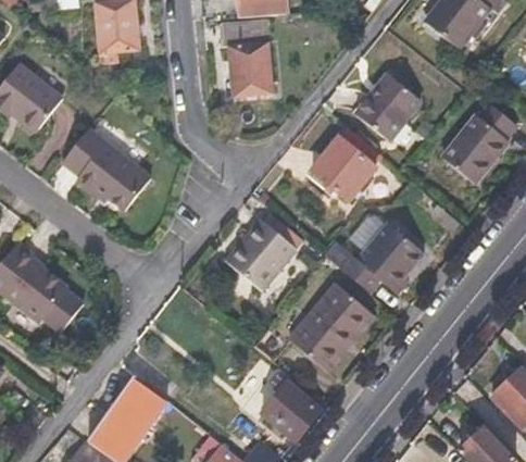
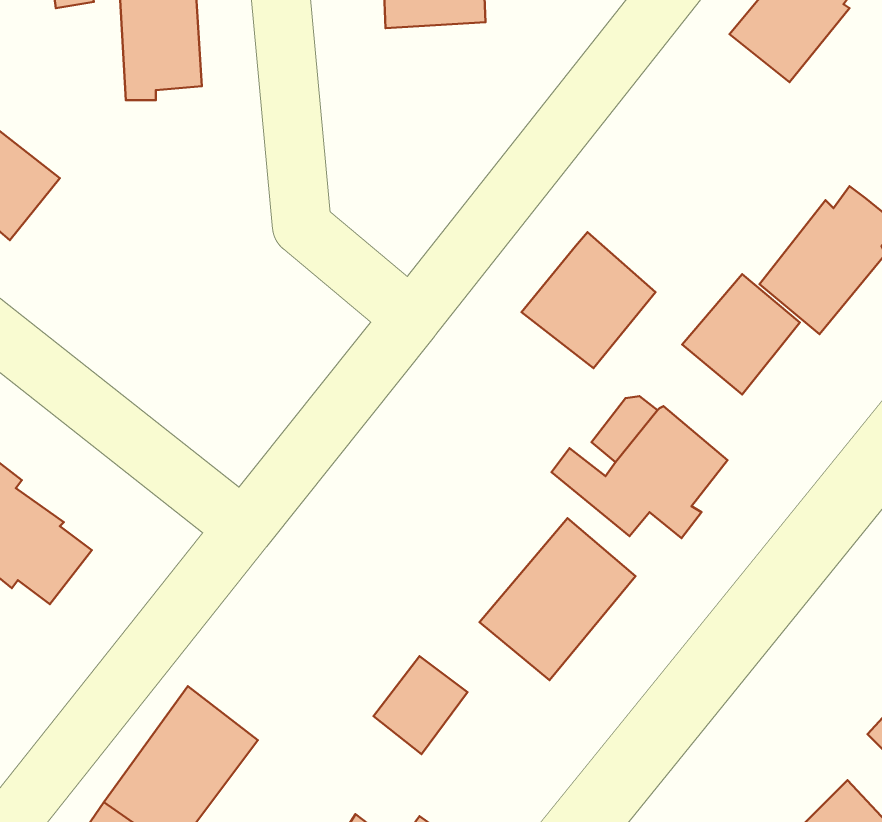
building: [217,22,271,96] -> none
building: [355,74,419,139] -> [682,274,800,394]
building: [61,128,150,209] -> none
building: [228,209,304,288] -> none
building: [261,382,321,440] -> none

